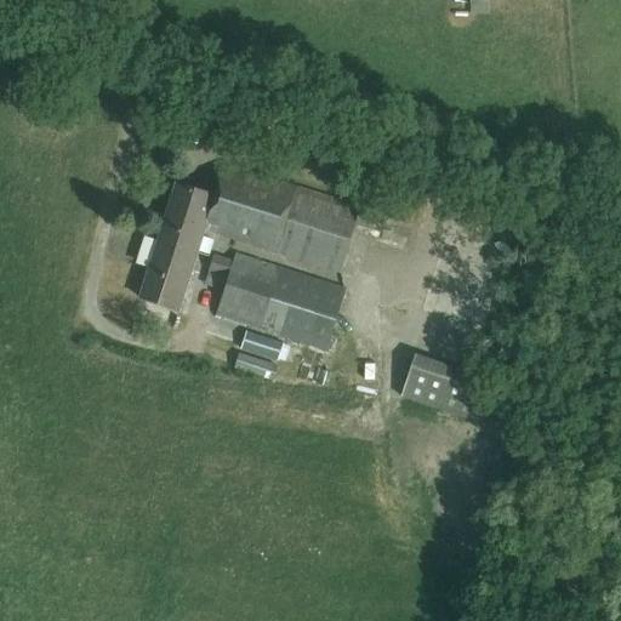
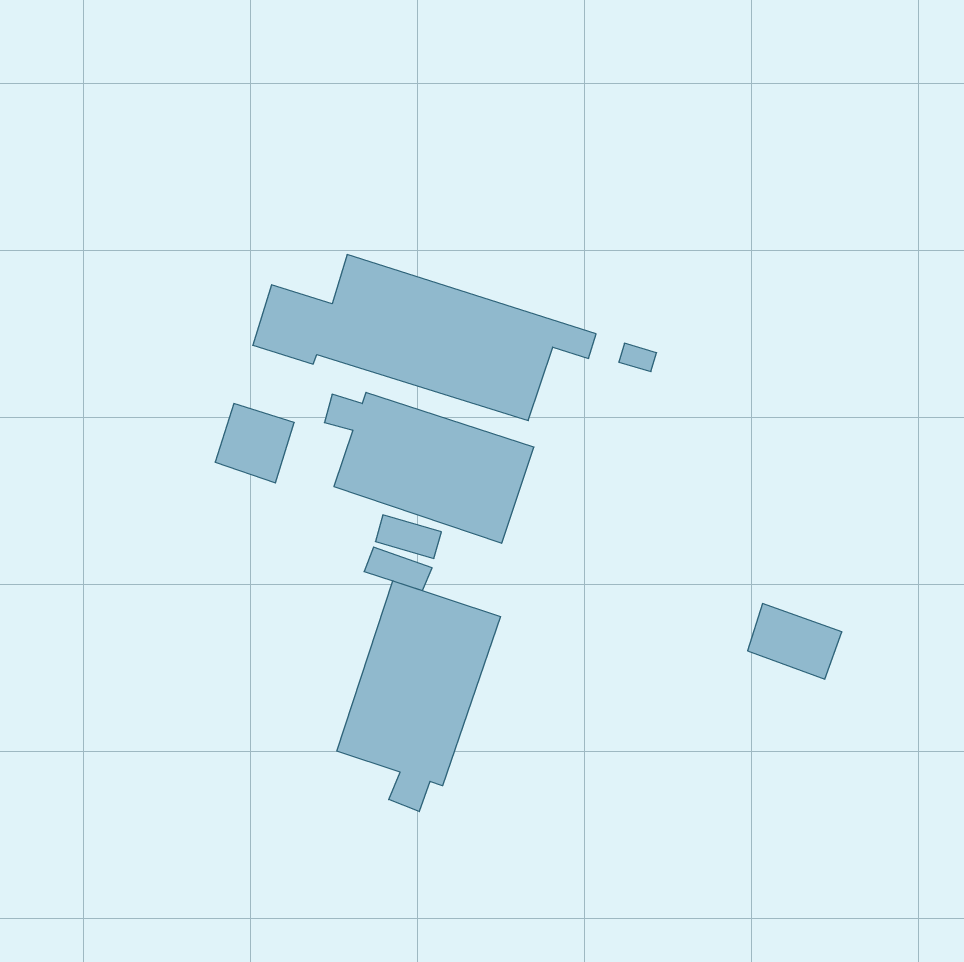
building: [150,222,201,272] -> none
building: [403,353,463,401] -> [748,604,842,679]
building: none -> [337,581,500,812]

